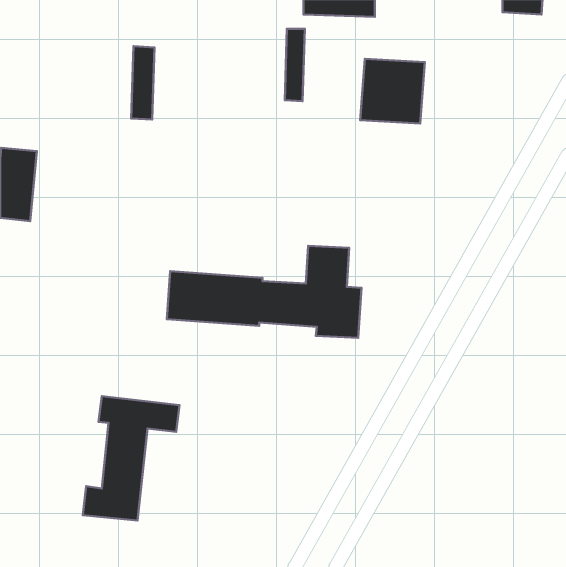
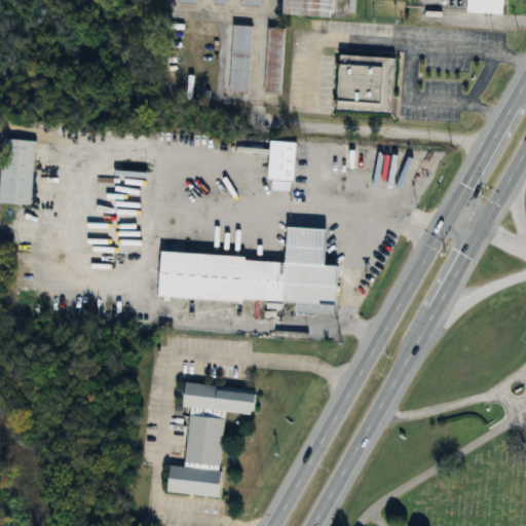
building: [131,46,154,120] -> [230,24,252,91]
building: none -> [266,140,296,181]
building: [83,396,180,521] -> [166,381,256,496]

